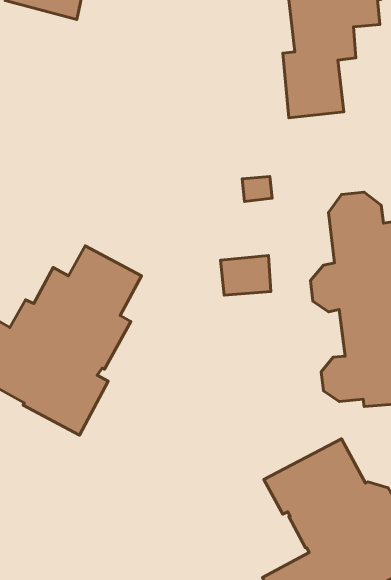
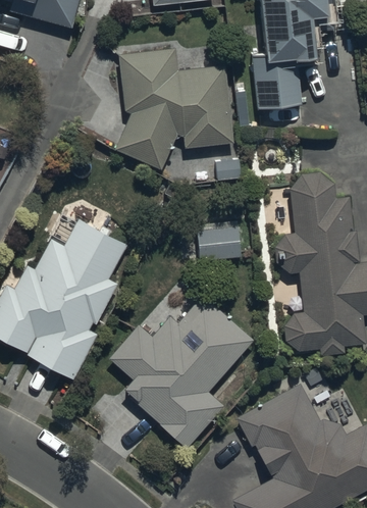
building: none -> [113,47,234,171]
building: none -> [105,294,256,448]

